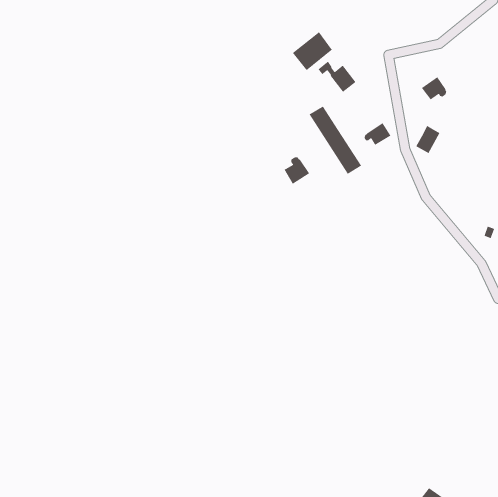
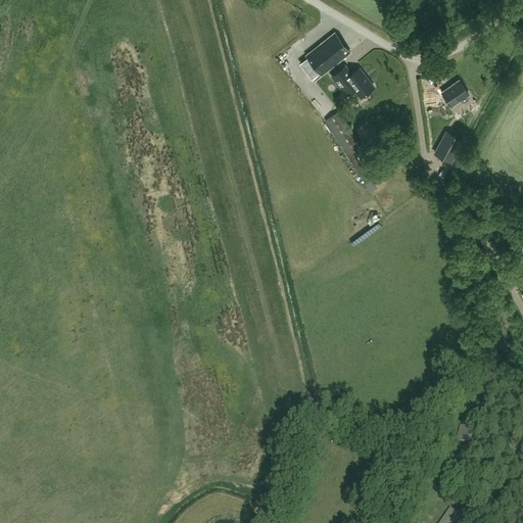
building: [364,122,392,146] -> none
building: [283,157,310,185] -> none

